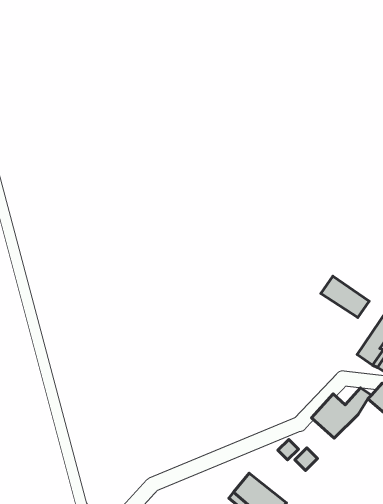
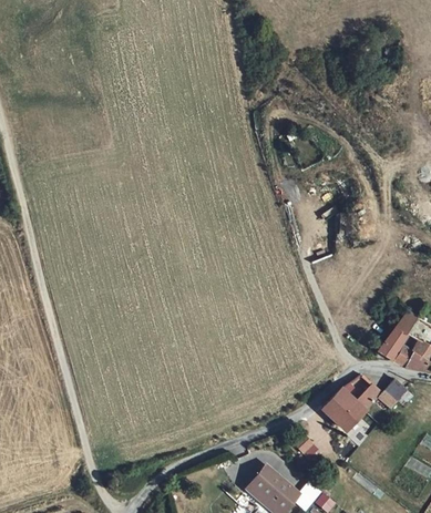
building: [321,276,369,317] -> none

